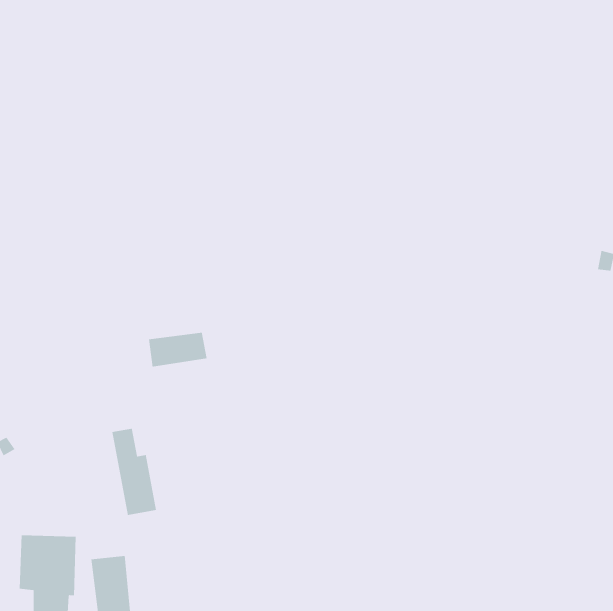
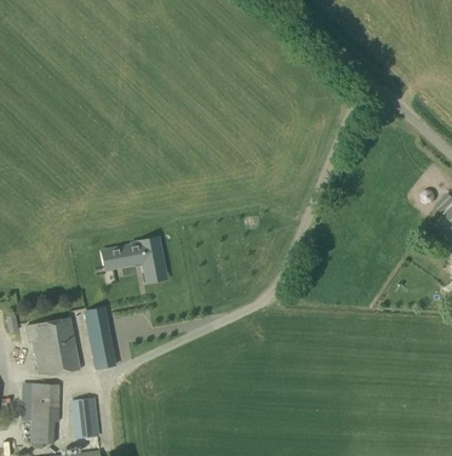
building: none -> [147,235,173,280]
building: none -> [24,317,79,374]

